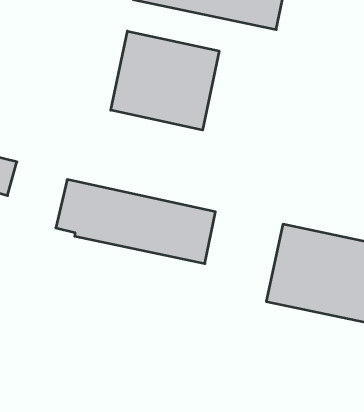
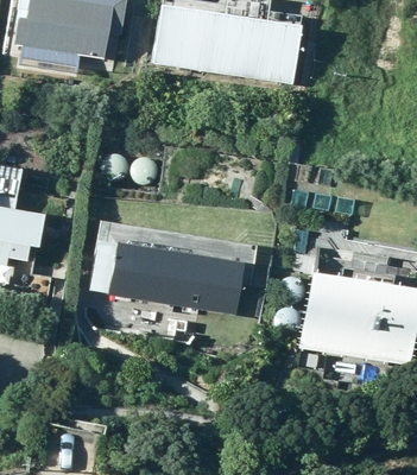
building: [111,31,219,130] -> none

